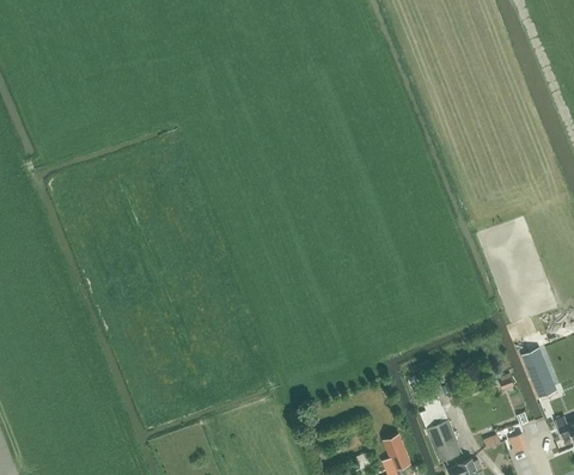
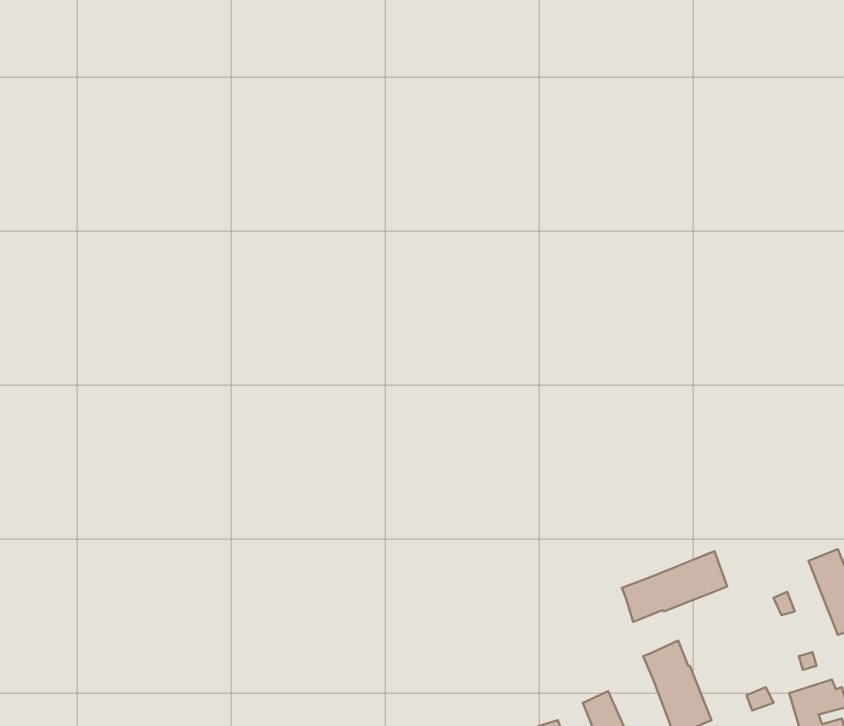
building: none -> [622,551,727,622]

